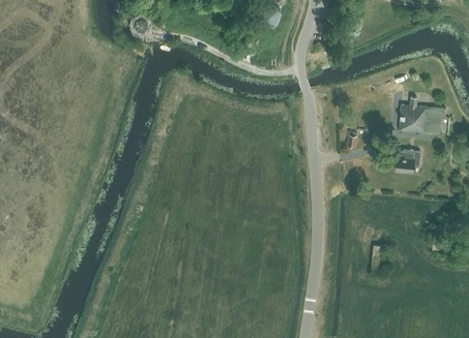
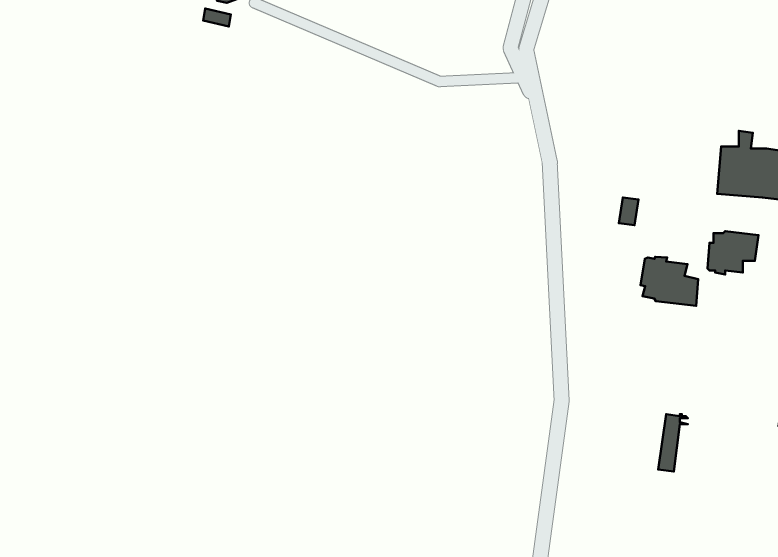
building: none -> [641,257,698,306]

